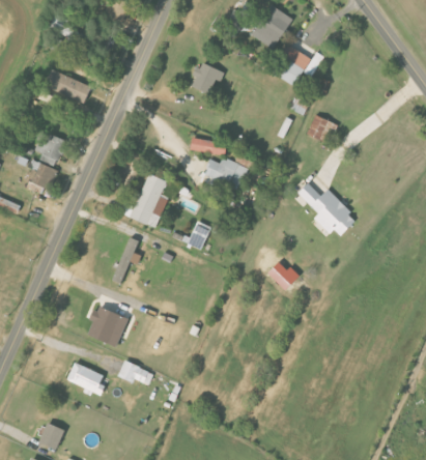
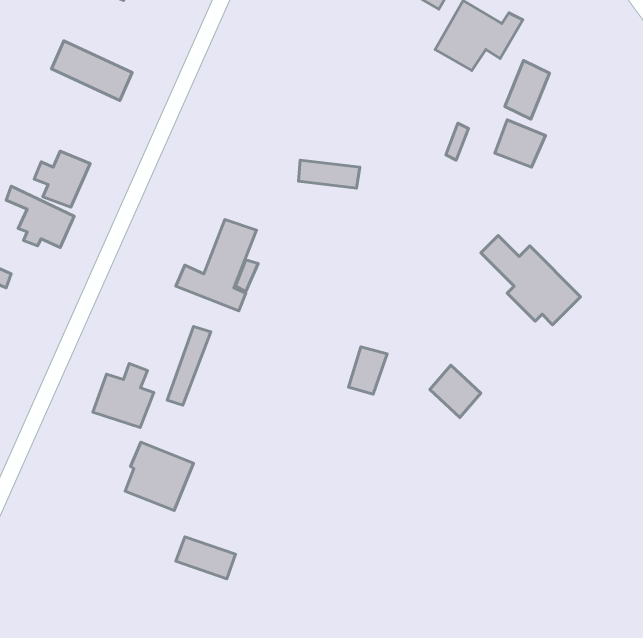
building: [192,61,223,96] -> none
building: none -> [505,61,549,119]
building: [200,159,246,192] -> none
building: [188,222,210,250] -> [349,347,387,394]
building: none -> [93,364,154,428]
building: [66,363,106,396] -> none

